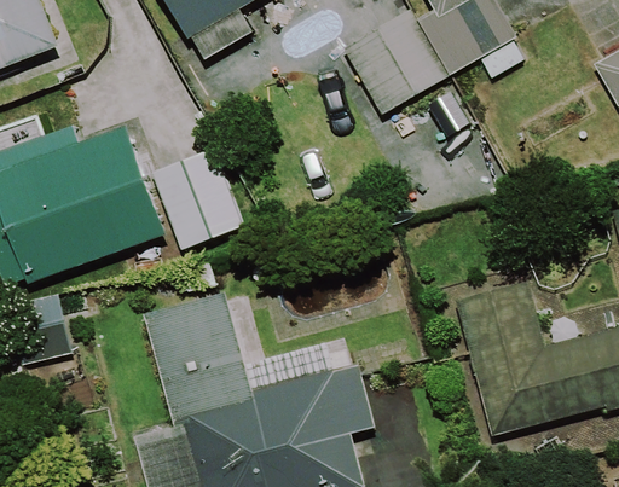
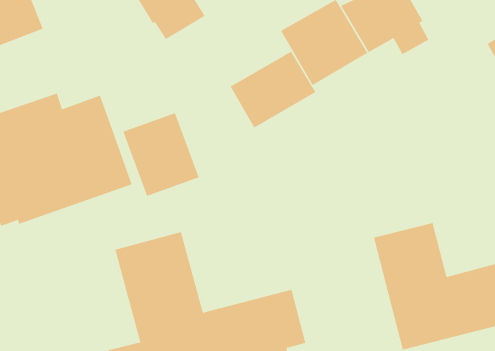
building: none -> [230,51,316,129]

